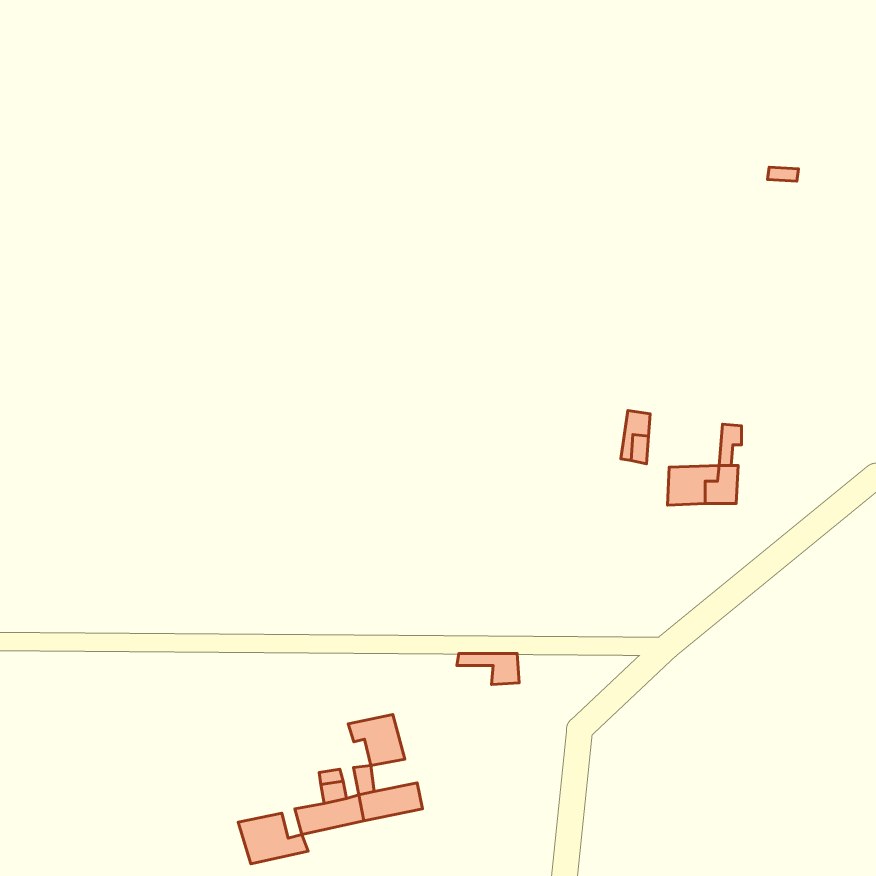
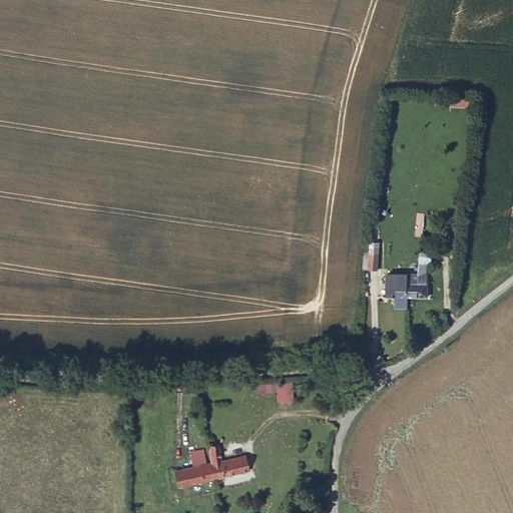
building: [348,715,405,766] -> none
building: [238,813,308,864] -> none

